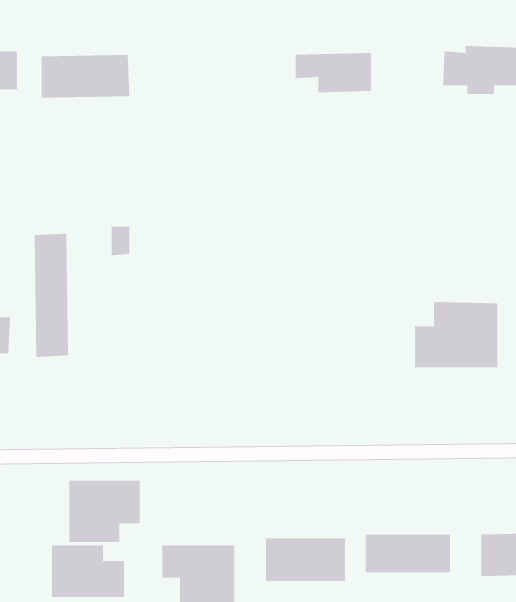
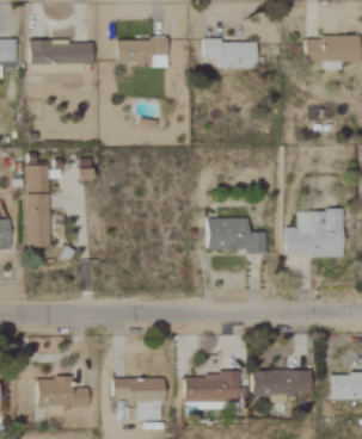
building: none -> [117,38,167,66]
building: none -> [208,218,266,254]
building: [69,480,140,543] -> none

